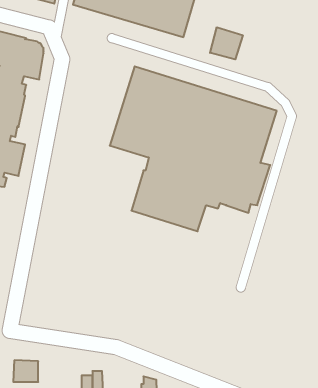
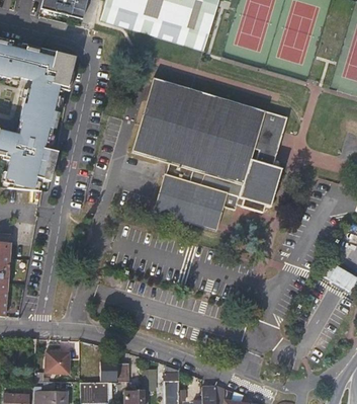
building: [210,27,243,59] -> none

